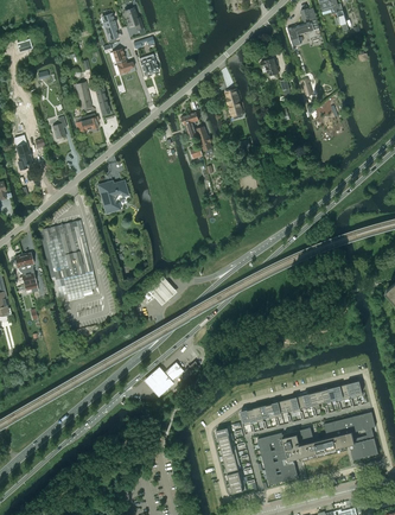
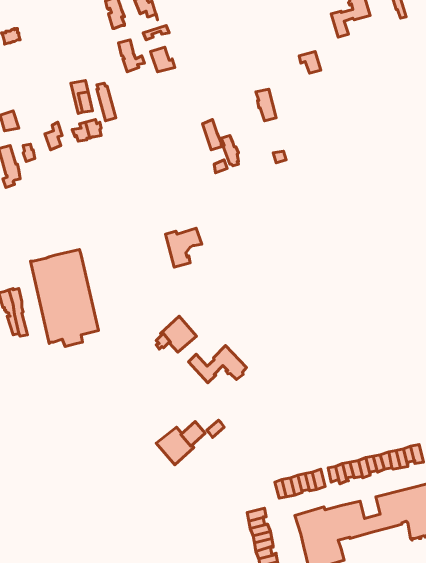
building: [98,180,128,212] -> [166,228,202,267]
building: none -> [188,346,247,383]

